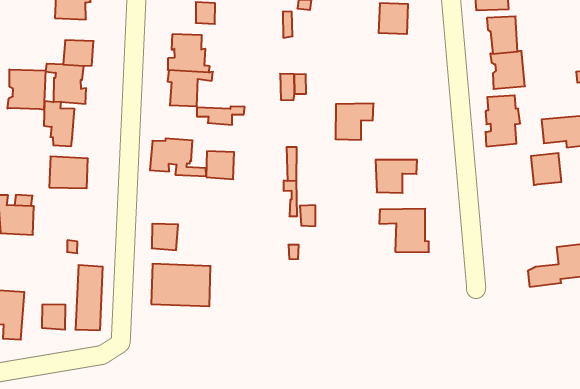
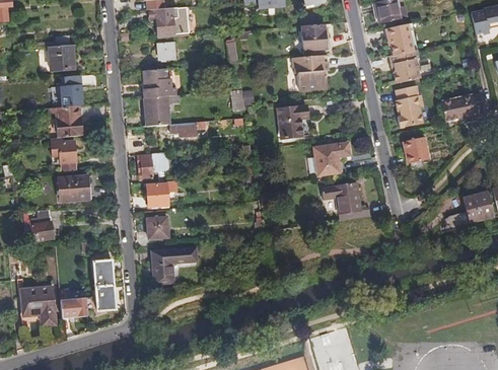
building: none -> [293,55,329,90]
building: [8,69,46,110] -> none
building: [206,151,234,179] -> [146,182,169,205]
building: [531,153,561,185] -> [403,136,429,163]

